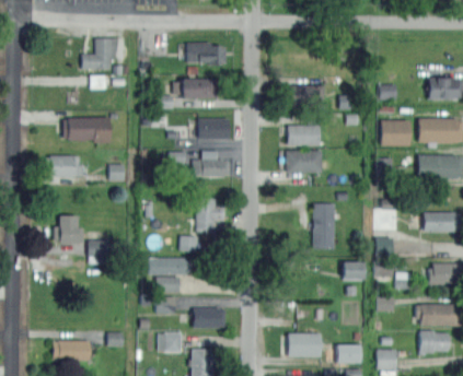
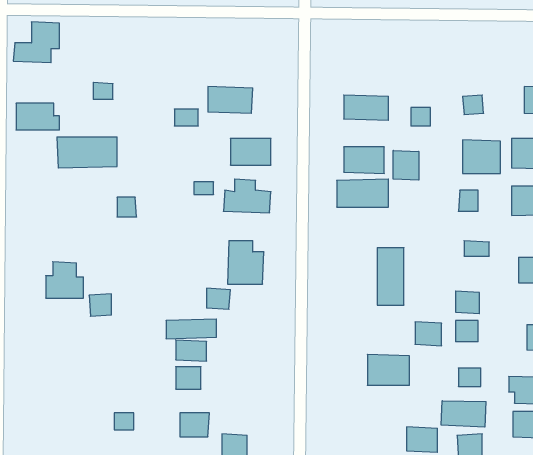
building: [81,37,117,69] -> [13,22,59,63]
building: [186,43,227,63] -> none
building: none -> [393,150,419,180]
building: [49,155,83,176] -> [16,103,59,130]
building: [193,307,225,328] -> none
building: none -> [441,401,486,427]
building: [288,332,321,356] -> [367,354,409,385]
building: [51,340,90,361] -> none

